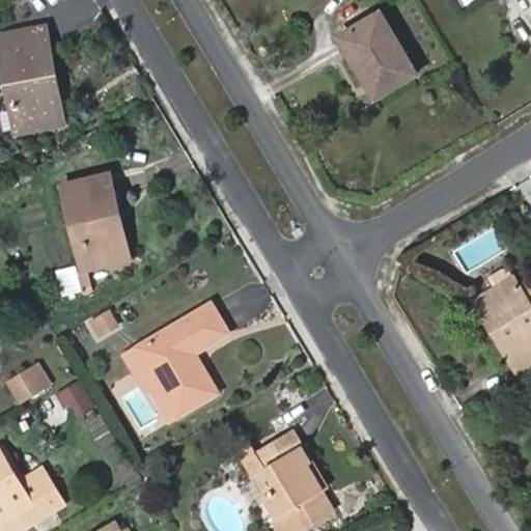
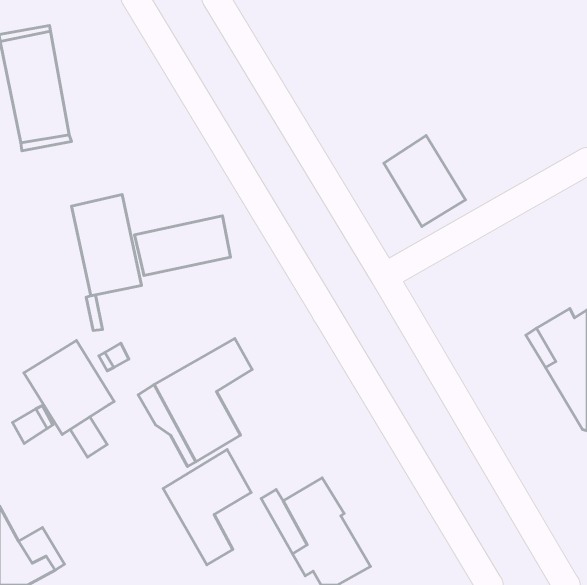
building: [340,13,414,95] -> [384,135,465,226]
building: none -> [134,216,231,276]
building: none -> [24,341,114,434]
building: none -> [163,449,251,565]

